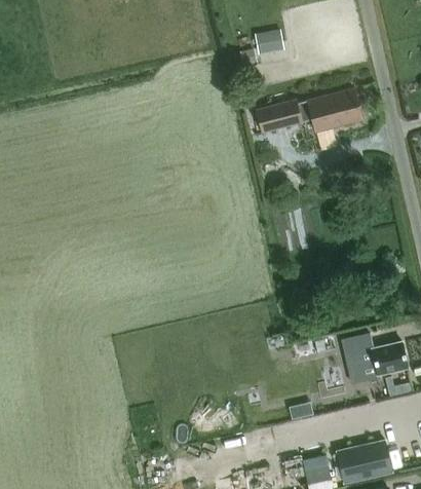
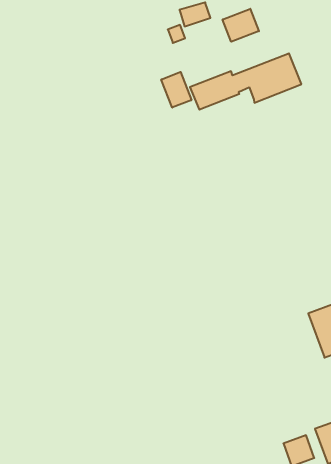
building: none -> [223,9,259,42]
building: none -> [161,72,191,108]

